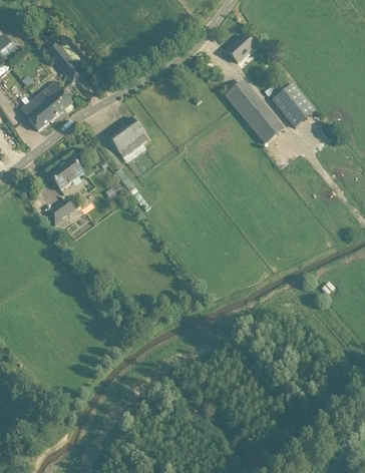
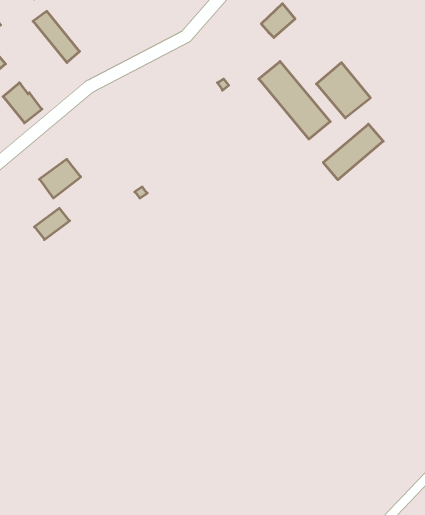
building: [33,80,71,118] -> none
building: [106,116,147,156] -> none
building: none -> [323,124,383,180]

